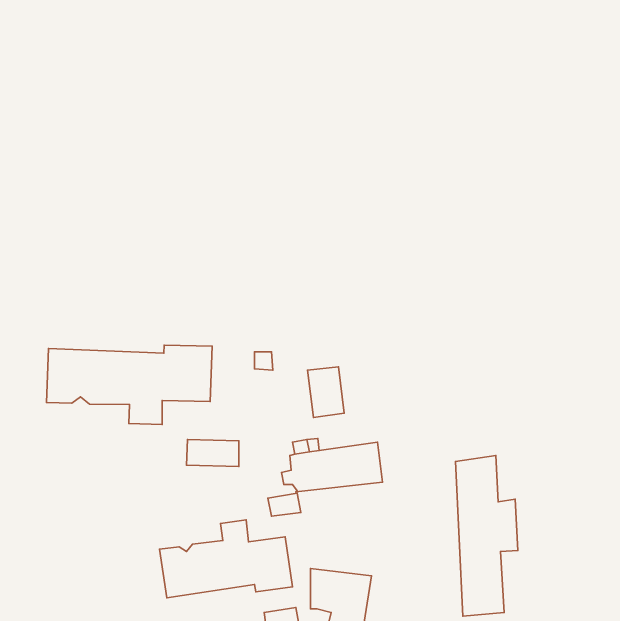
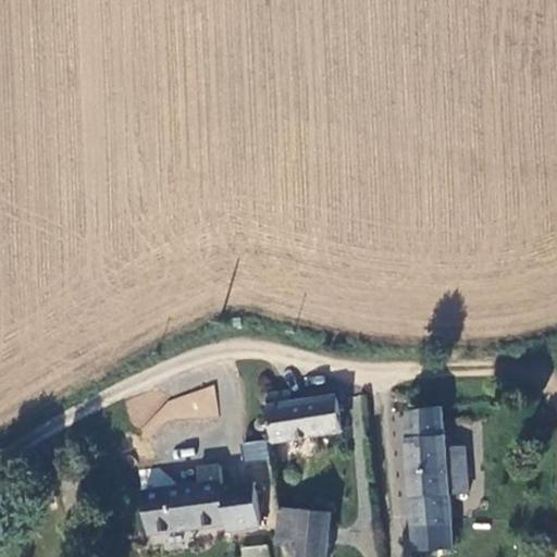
building: [46,345,212,425] -> none
building: [308,367,344,418] -> none

